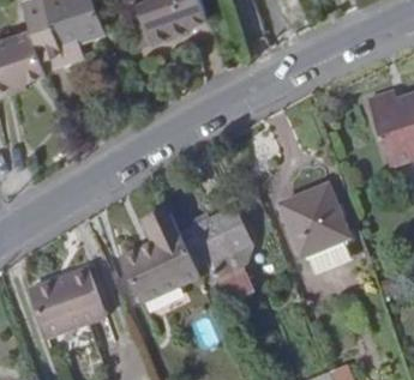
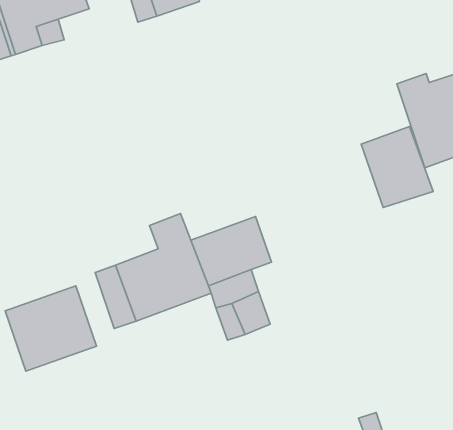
building: [286,189,344,255] -> [361,127,433,208]

